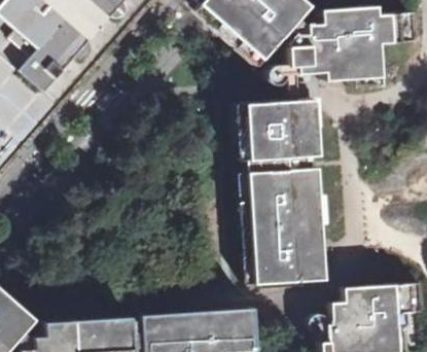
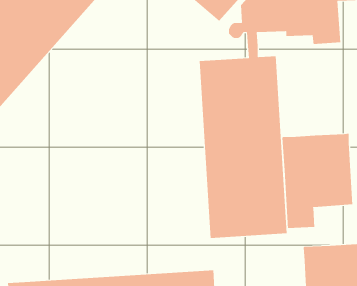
building: none -> [282,133,353,229]

